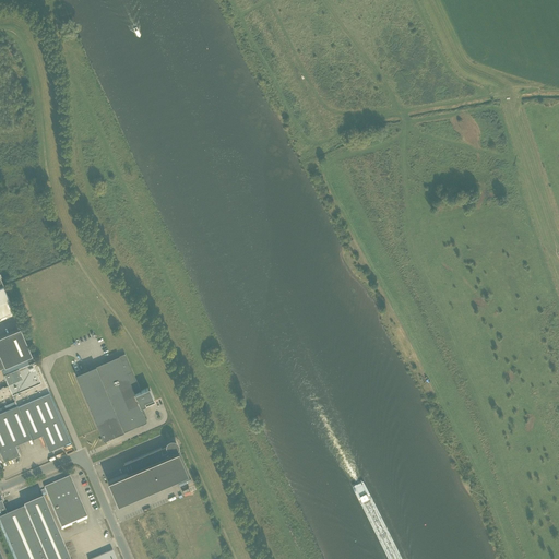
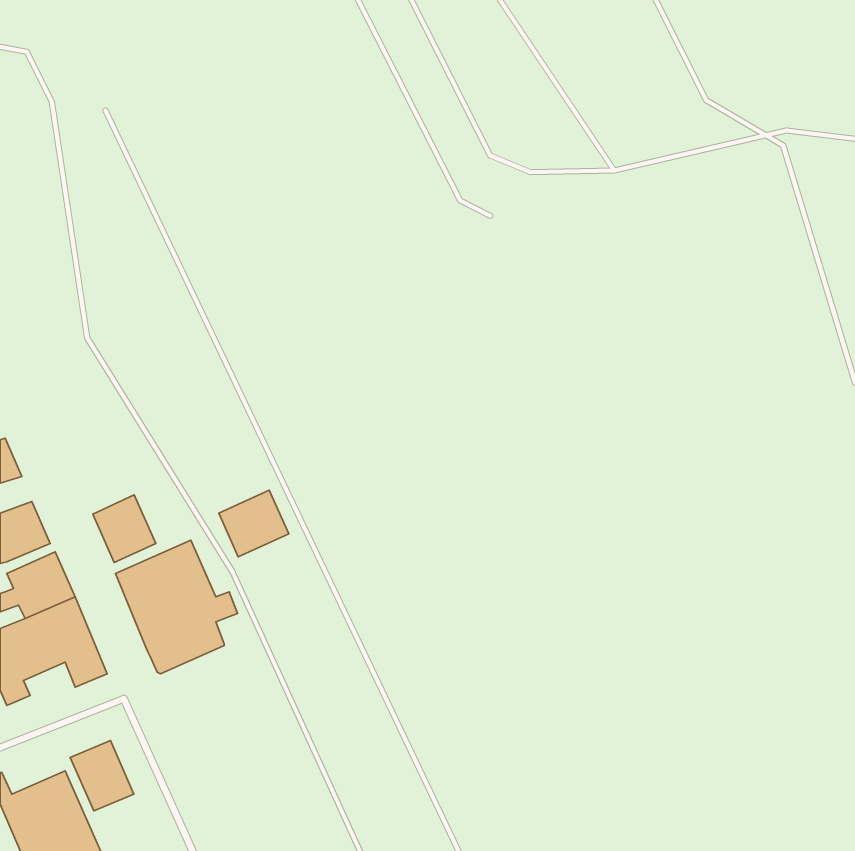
building: none -> [219,490,289,557]
building: none -> [93,495,156,563]
building: [108,443,189,506] -> none

